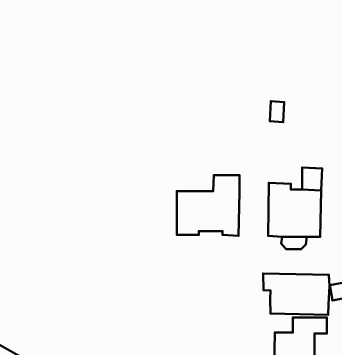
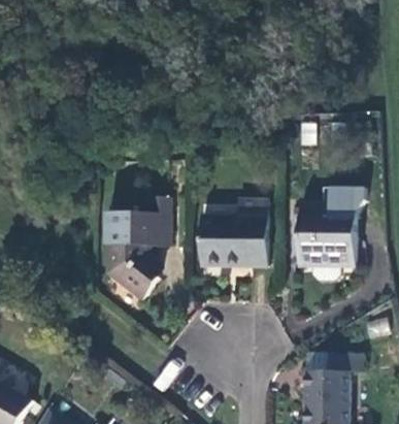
building: none -> [105,198,168,298]
building: [263,273,330,315] -> none

